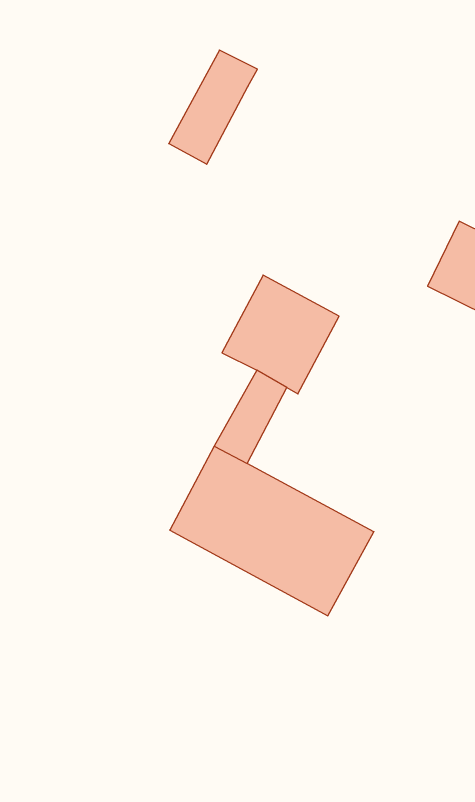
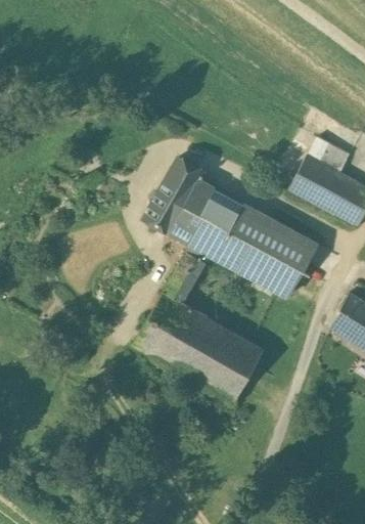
building: [169,50,257,164] -> [142,158,199,231]
building: none -> [216,208,315,296]

